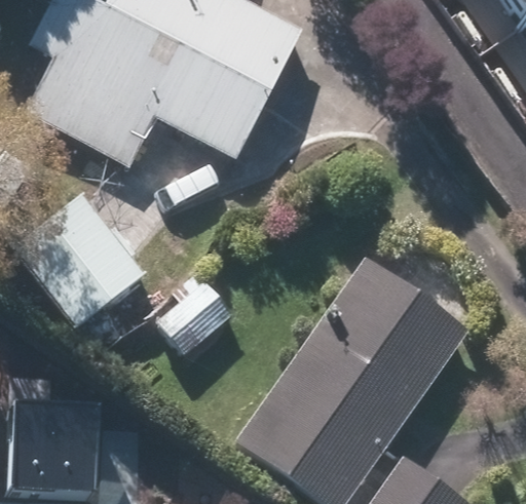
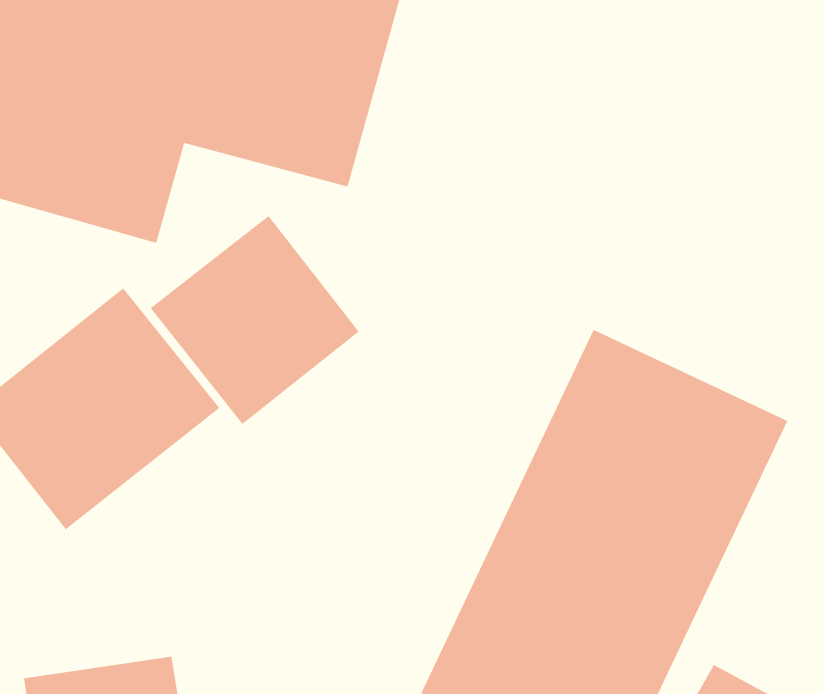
building: none -> [150,215,360,425]

